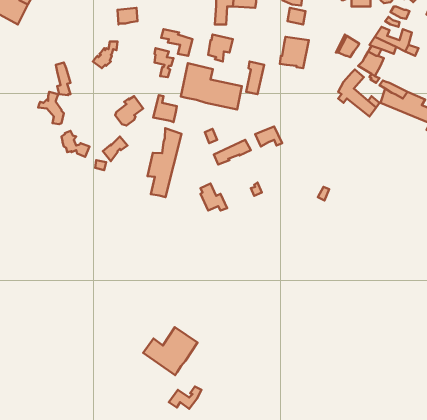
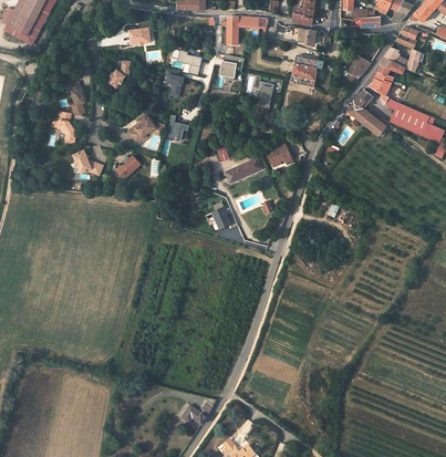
building: [181,63,242,110] -> none
building: [148,128,181,197] -> none
building: [143,327,197,375] -> none

